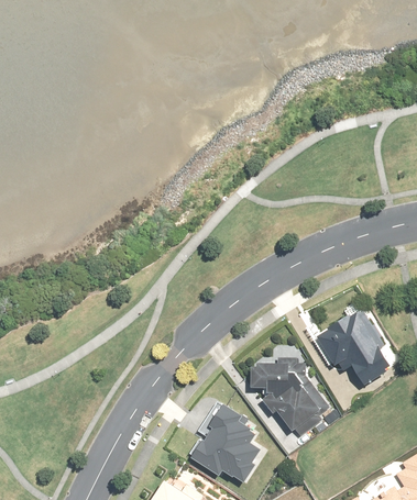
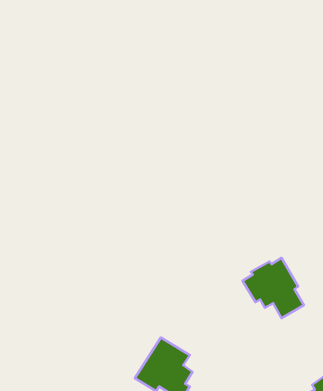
building: [249,358,338,436] -> none

